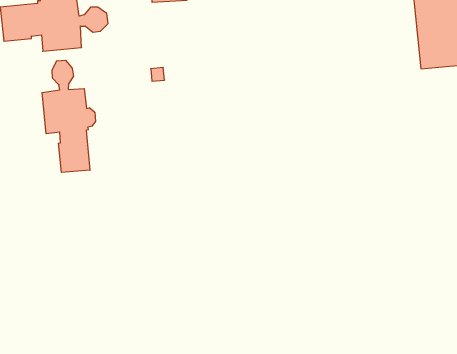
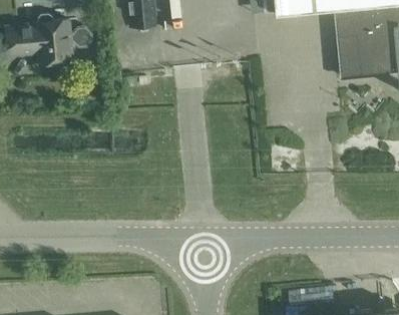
building: [42,60,95,172] -> none

